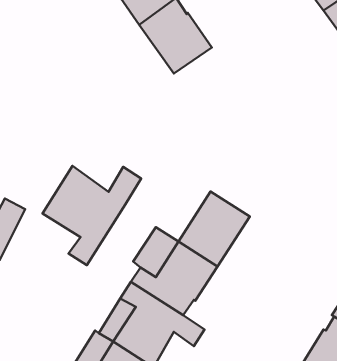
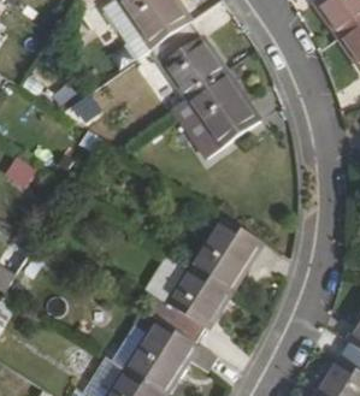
building: none -> [184,73,258,149]
building: [43,166,141,265] -> none

